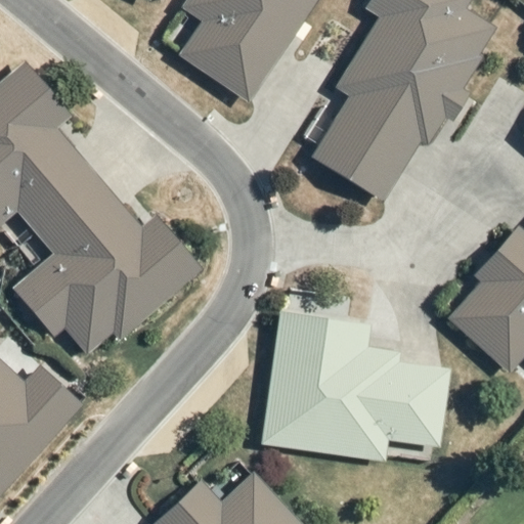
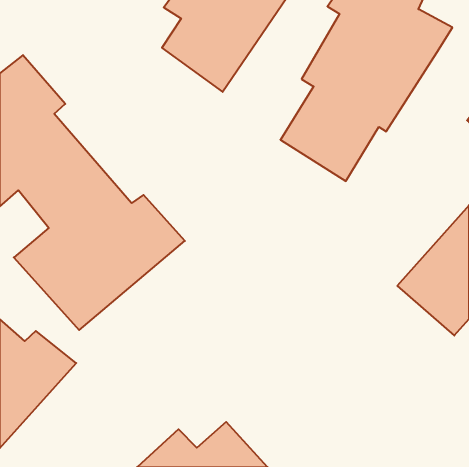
building: [258,310,447,461] -> none

